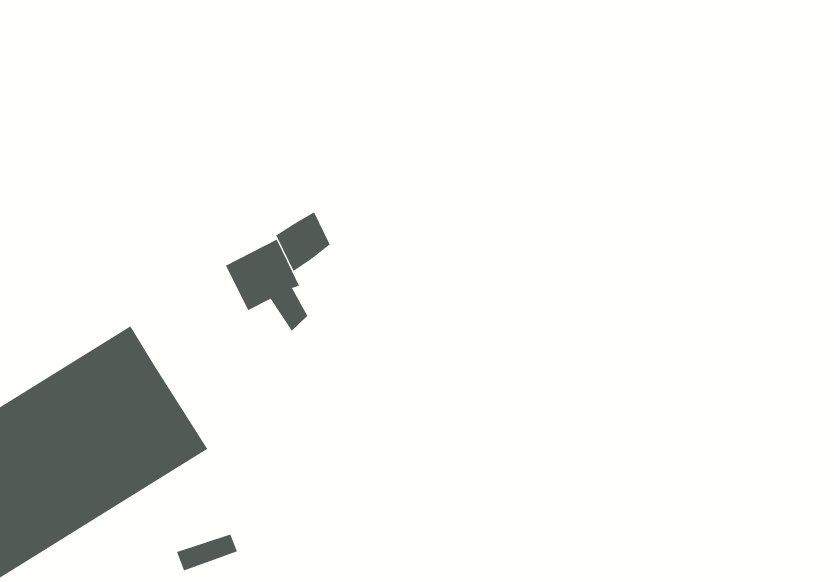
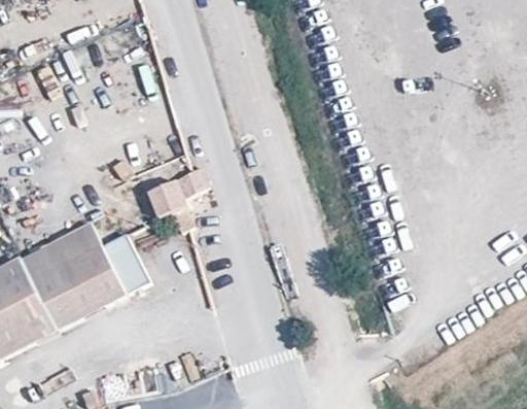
building: none -> [100,234,148,296]

